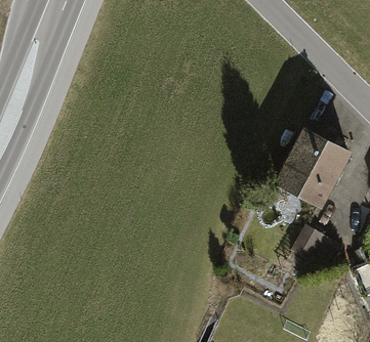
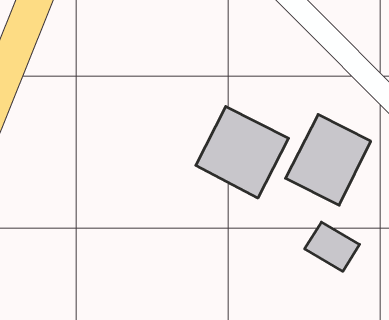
building: none -> [196,106,289,198]

